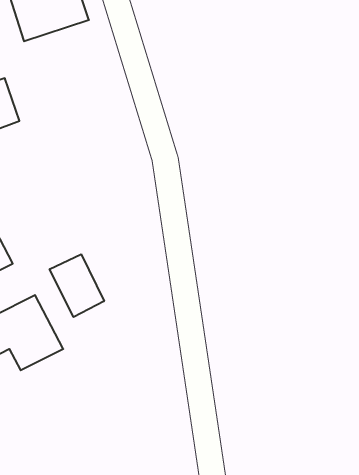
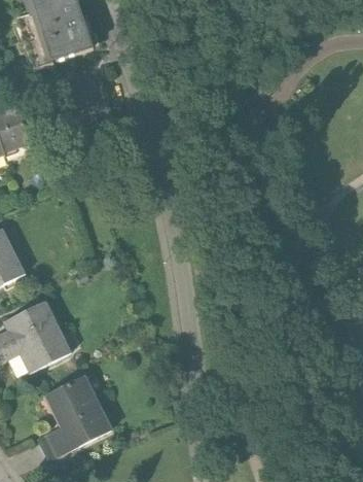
building: [50,254,104,317] -> none
building: none -> [39,377,110,459]

